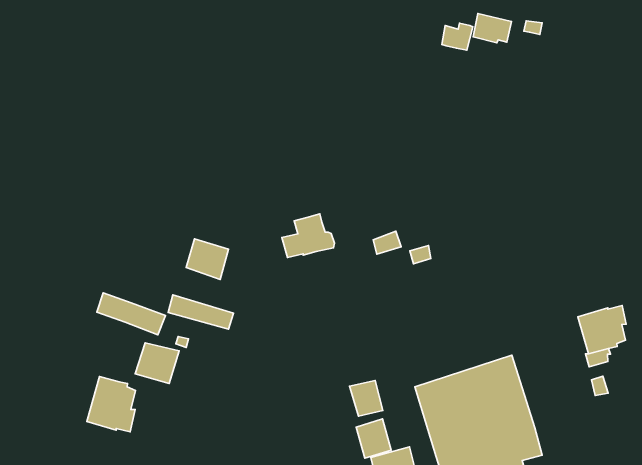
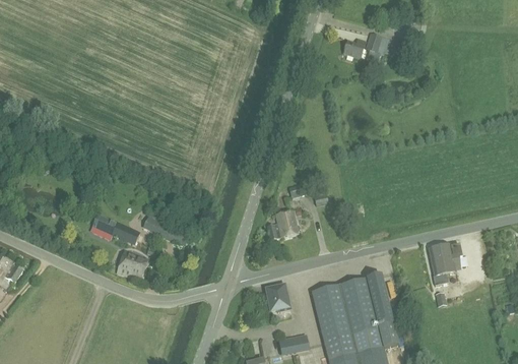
building: [282,214,335,258] -> [265,208,302,238]
building: [186,239,229,280] -> none
building: [87,377,136,432] -> none
building: [356,419,391,458] -> none

